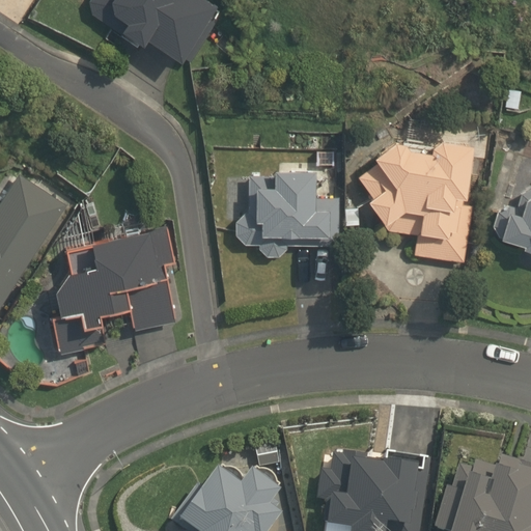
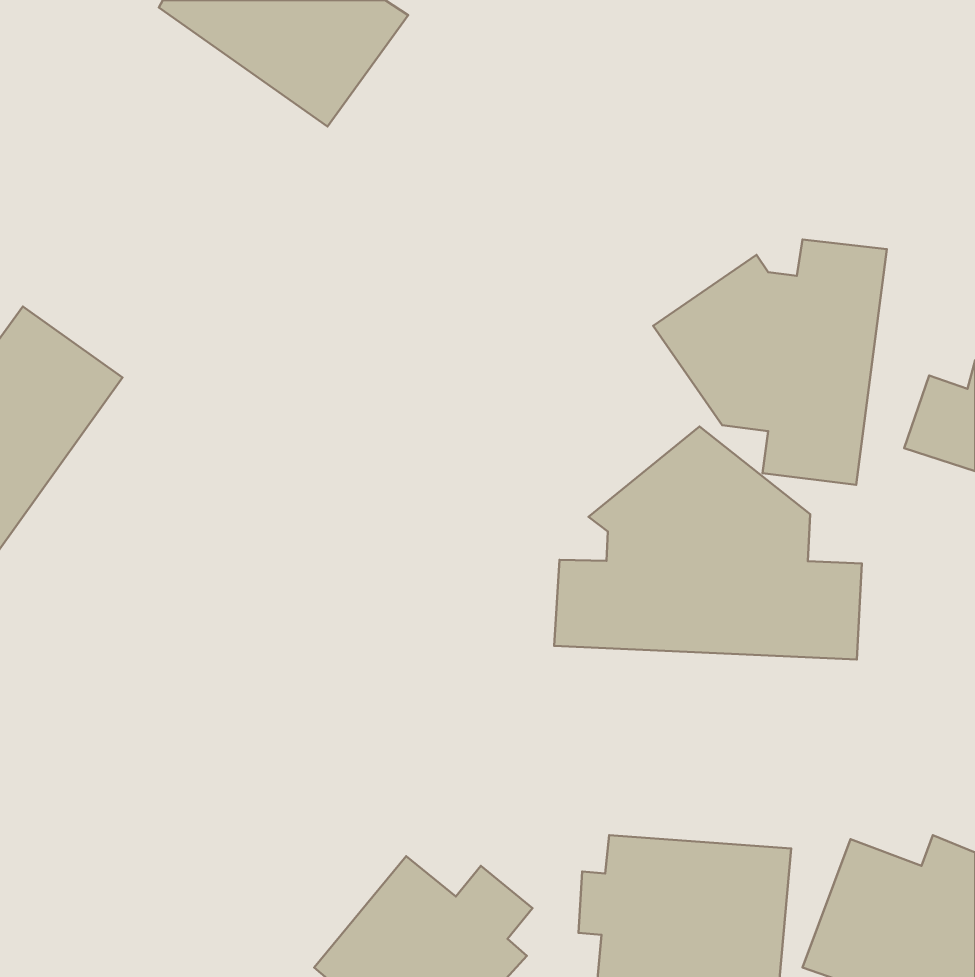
building: [233,167,336,257] -> none
building: [53,227,181,356] -> none
building: none -> [554,427,862,660]

